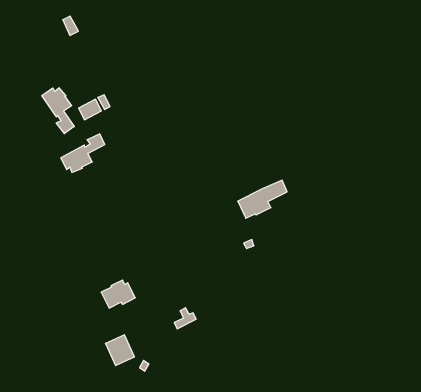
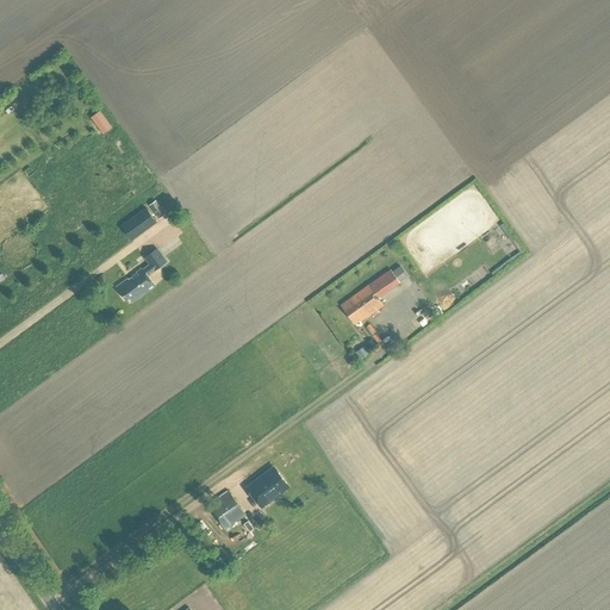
building: [42,88,74,134] -> none
building: [101,280,135,308] -> [245,468,288,505]

